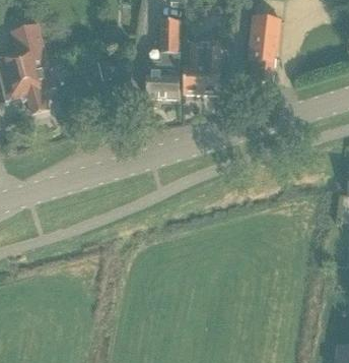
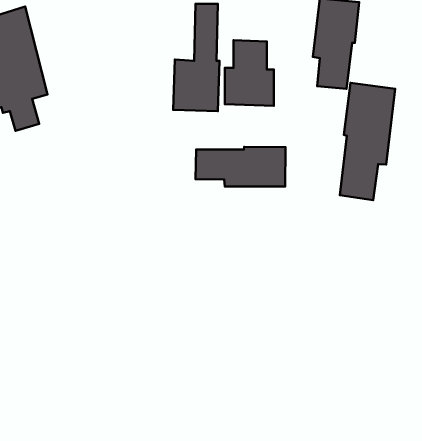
building: none -> [340,83,395,200]
building: none -> [196,147,286,187]

